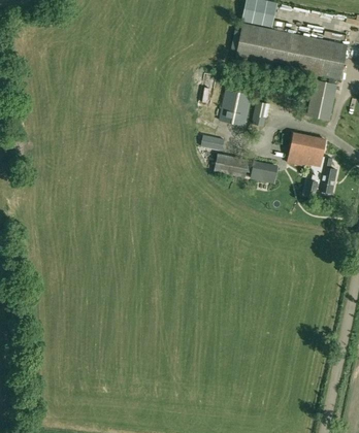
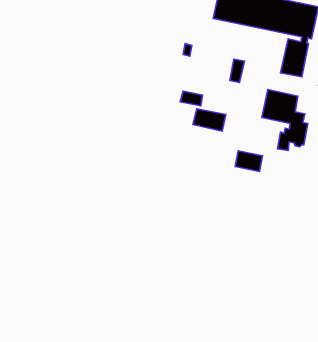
building: [218,89,251,126] -> none
building: [249,161,278,182] -> [235,151,262,171]

